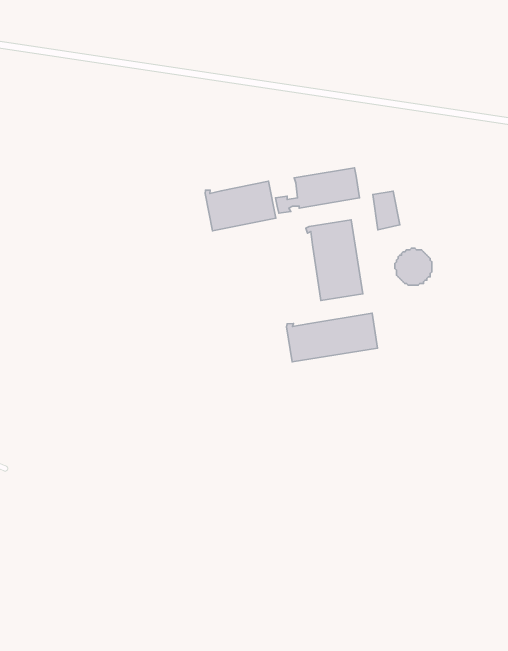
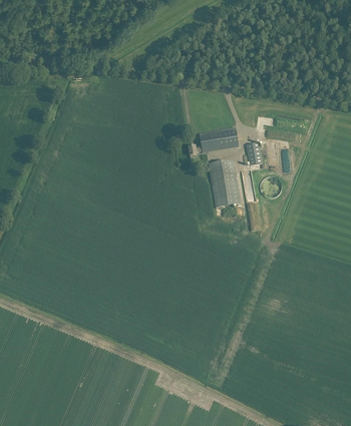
building: [205,181,276,231] -> none
building: [286,313,378,362] -> none

